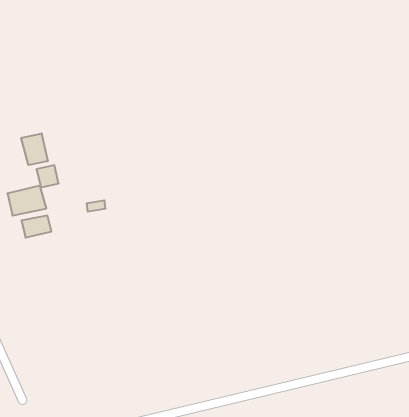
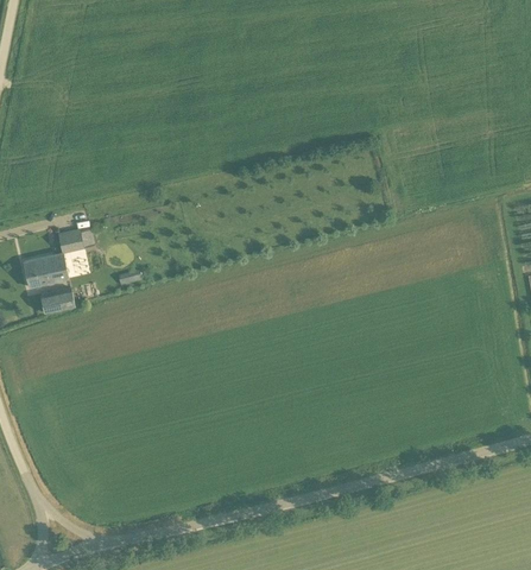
building: [21,133,48,165] -> none

